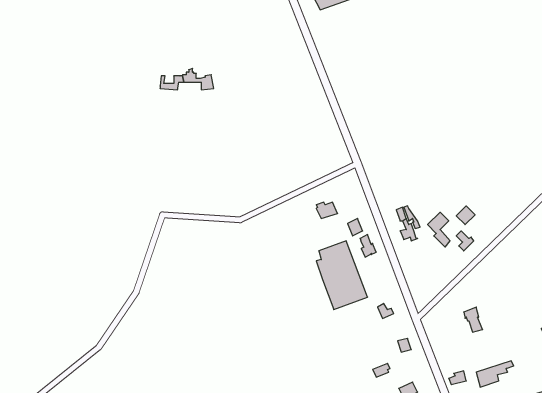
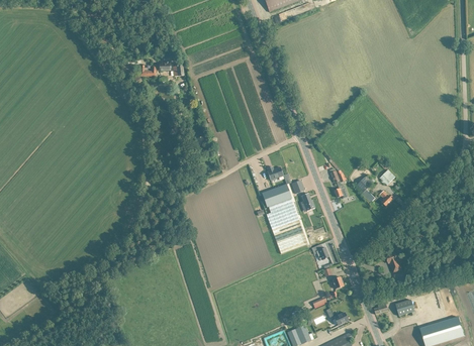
building: none -> [261,184,291,207]

